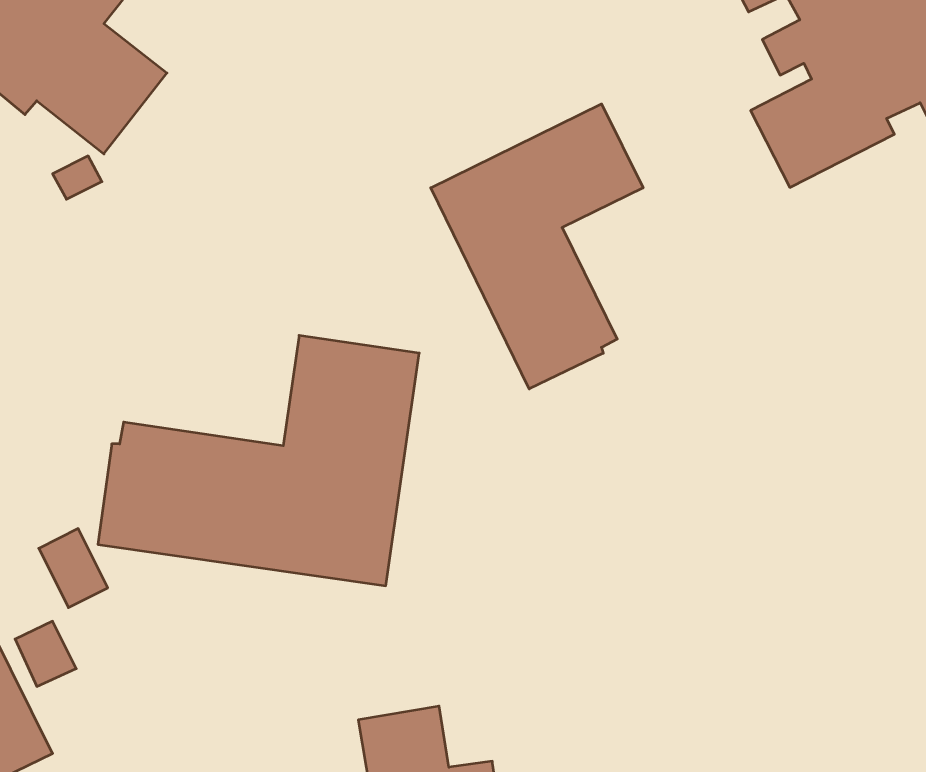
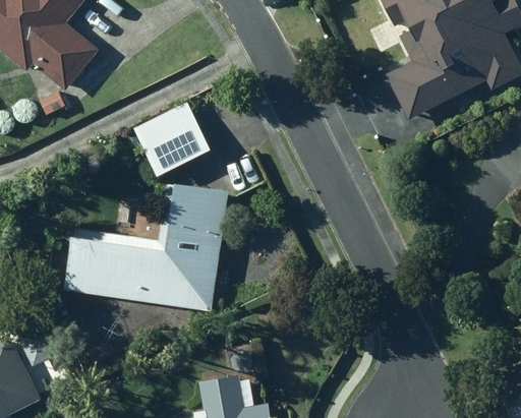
building: [431,104,643,389] -> none
building: none -> [130,104,209,179]

